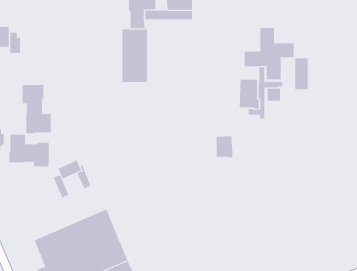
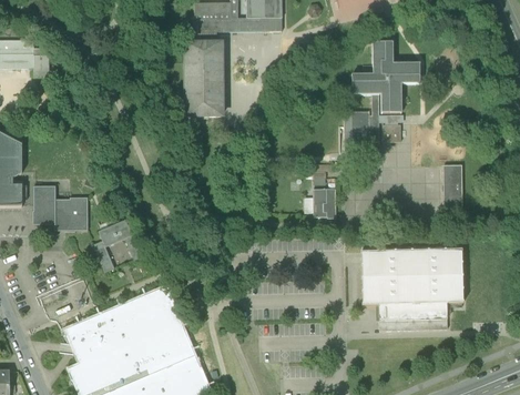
building: [295,58,309,90] -> [443,164,462,207]
building: [22,84,51,134] -> none
building: none -> [360,240,462,331]

